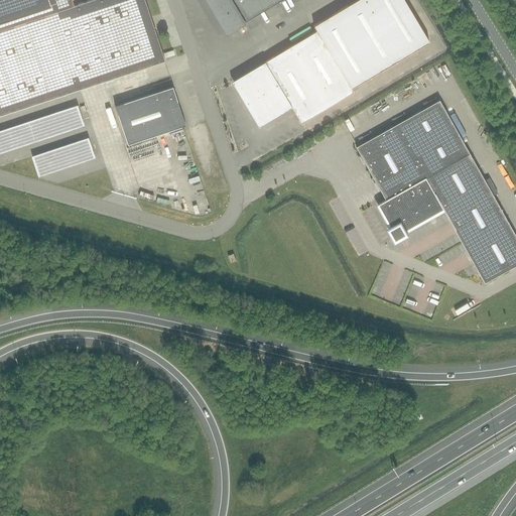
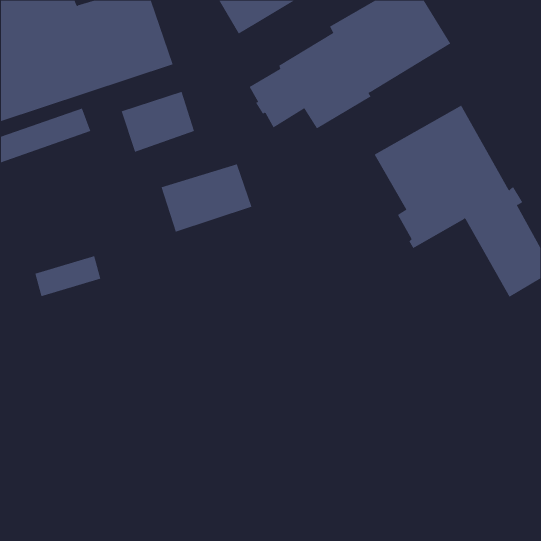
building: [32,136,96,175] -> [34,256,101,297]
building: none -> [161,163,252,232]

